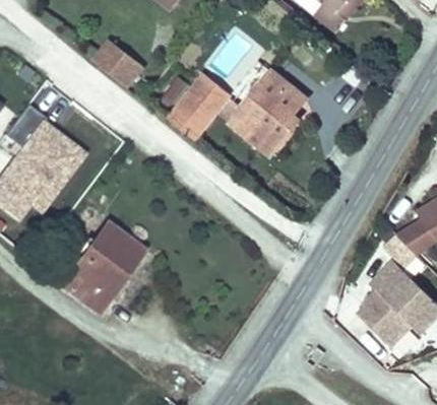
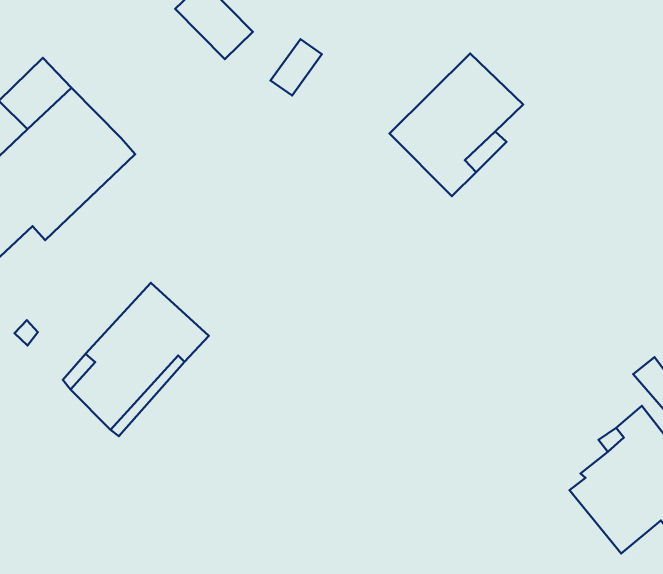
building: [172,76,230,138] -> none

